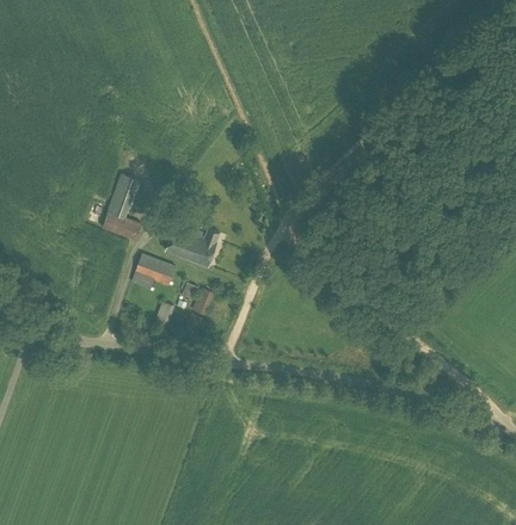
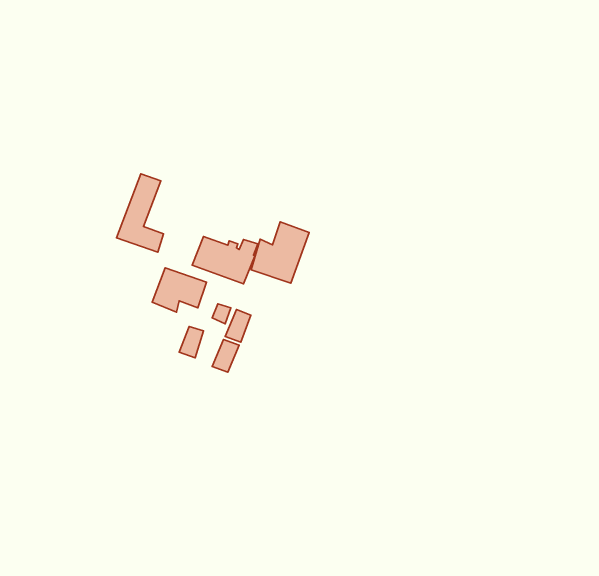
building: none -> [251,222,309,283]

